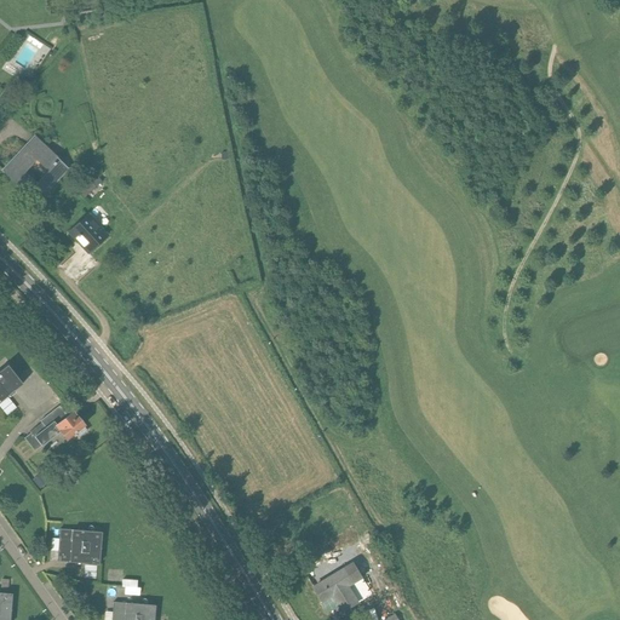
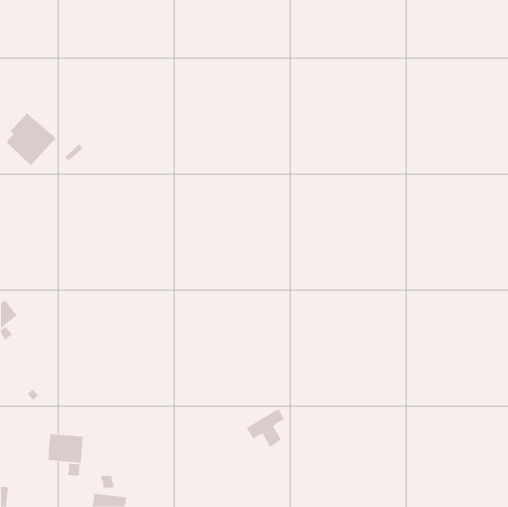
building: [71,212,108,252] -> none
building: [24,404,86,450] -> none
building: [314,563,361,612] -> [246,408,285,448]

